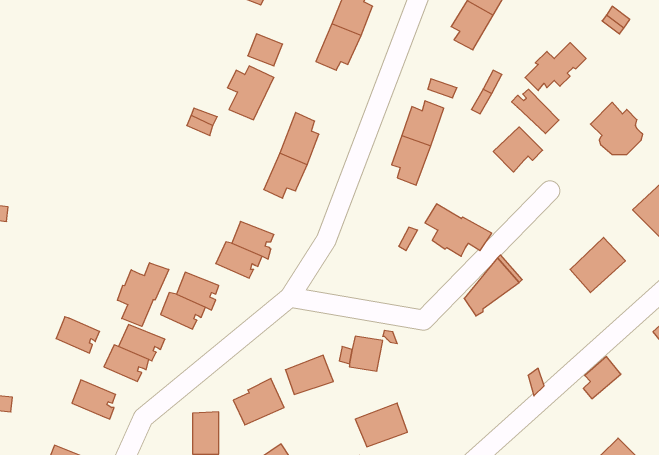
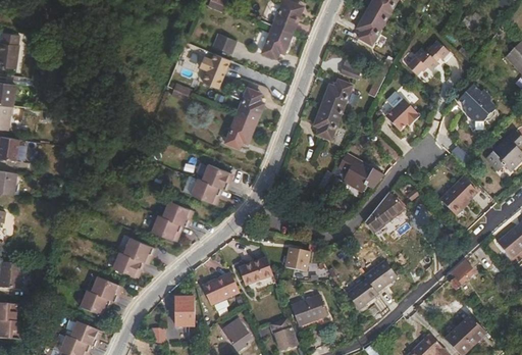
building: [512,89,559,134] -> none
building: [117,263,169,326] -> none
building: [56,317,100,353] -> [81,291,111,316]
building: none -> [346,261,396,309]

